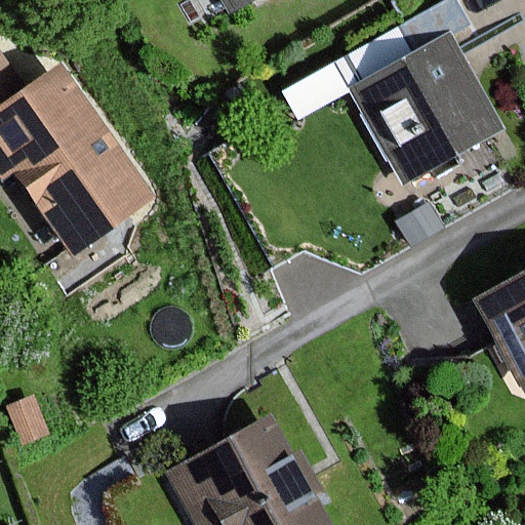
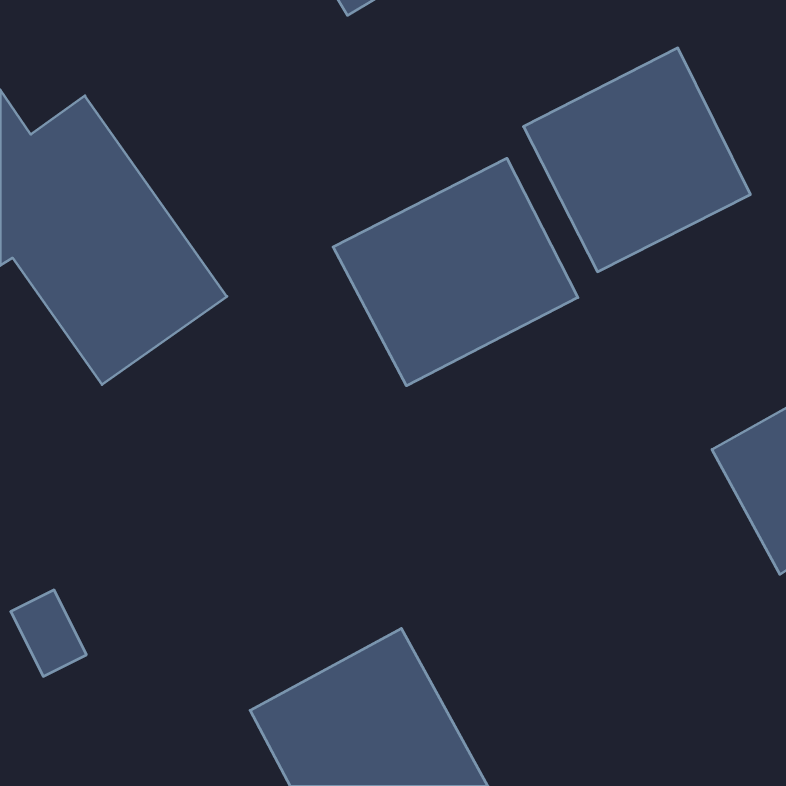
building: none -> [333,158,578,386]

